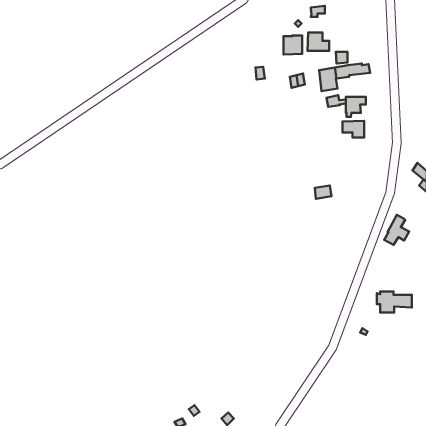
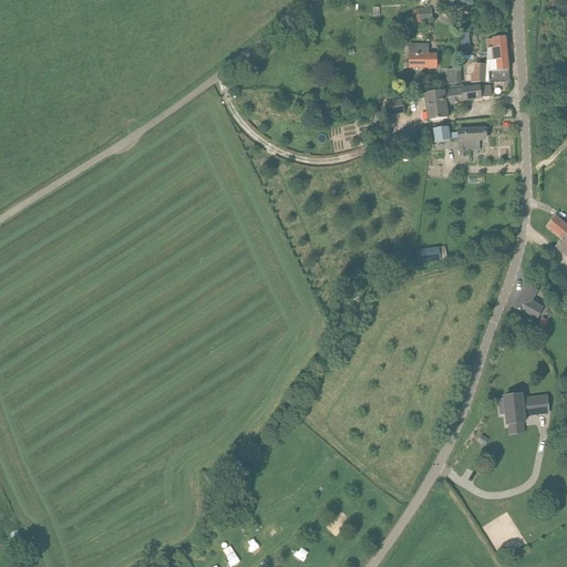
building: none -> [471,37,511,83]
building: [283,35,302,55] -> none
building: [342,121,364,137] -> none

